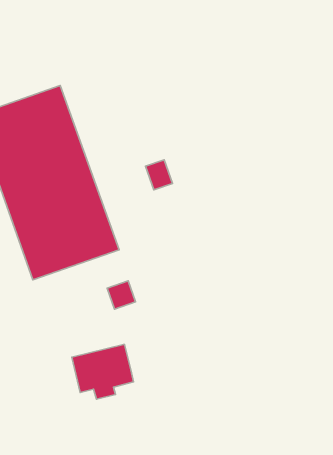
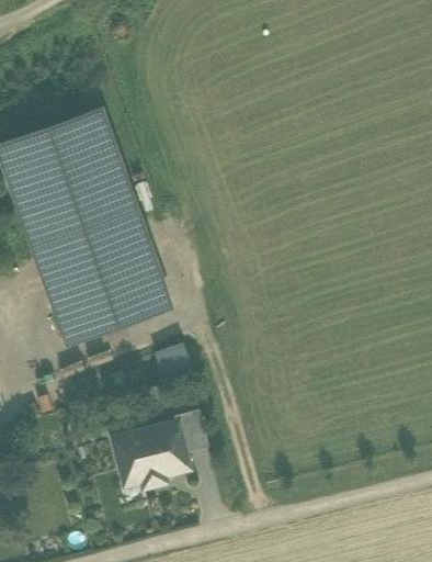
building: [146,160,172,190] -> none
building: none -> [174,409,208,452]

